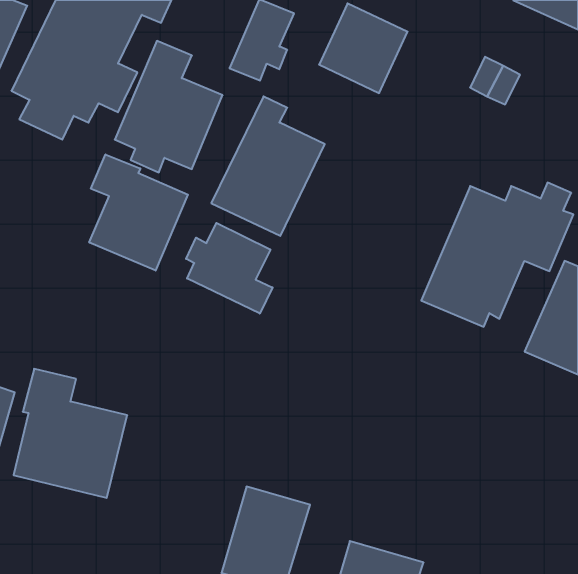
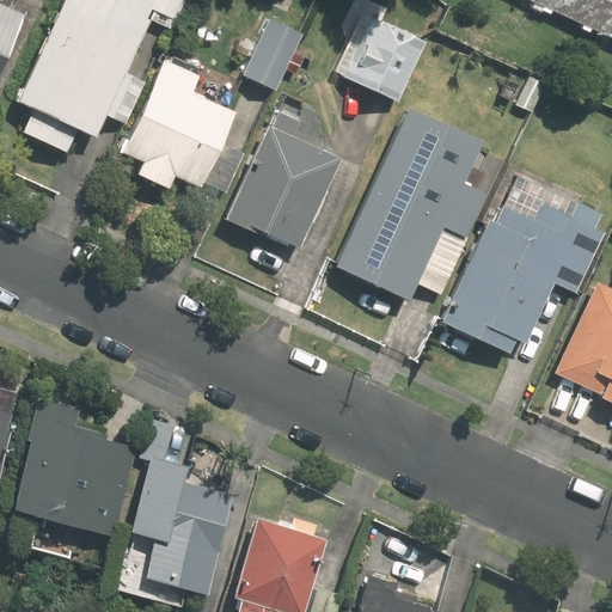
building: none -> [338,105,485,298]
building: [89,154,188,271] -> none
building: [186,223,273,314] -> none
building: none -> [130,457,232,593]

